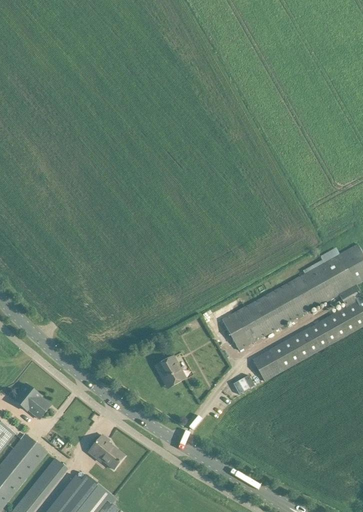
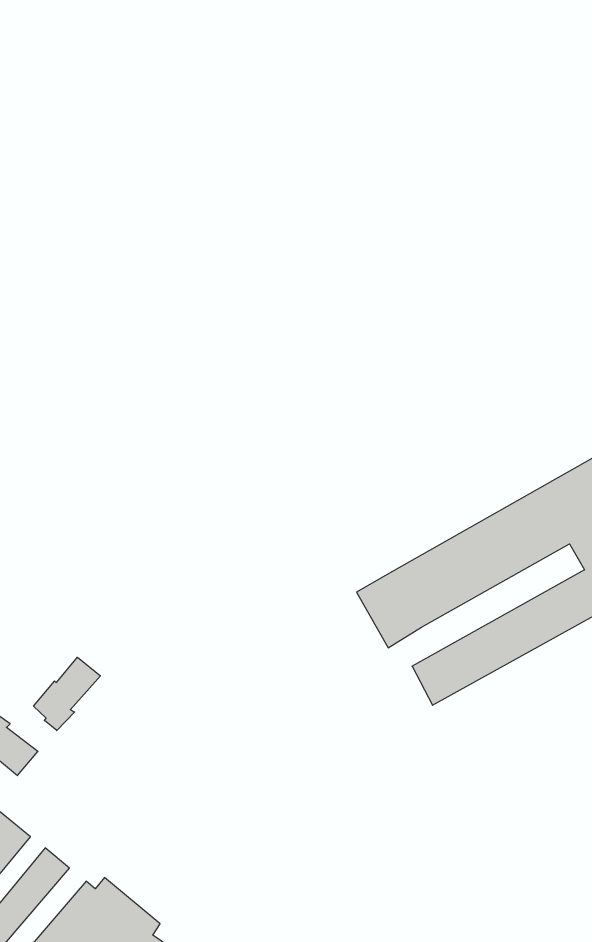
building: none -> [34,657,100,731]
building: [155,356,185,387] -> none
building: [89,435,123,469] -> none

